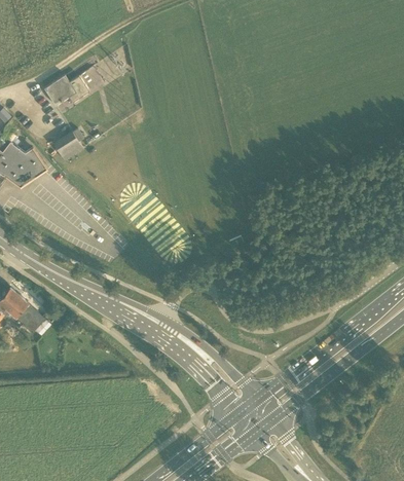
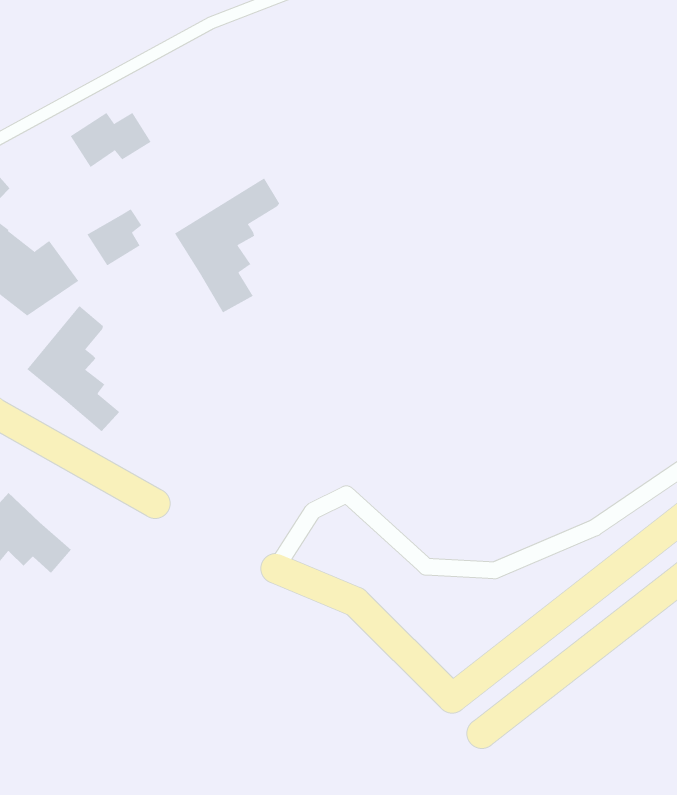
building: none -> [174,178,280,313]
building: none -> [26,305,120,432]

